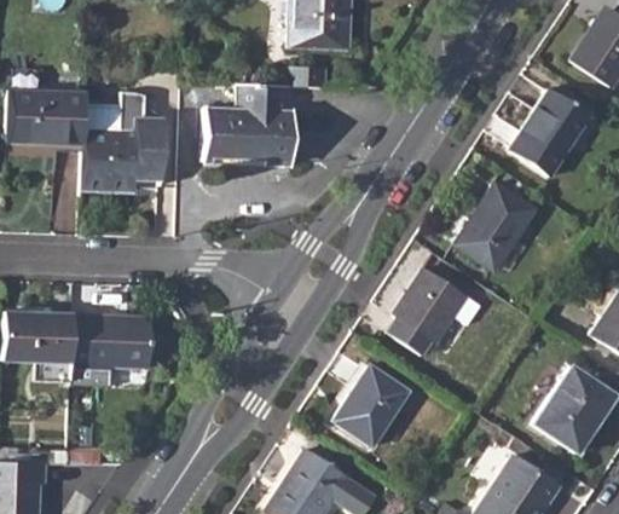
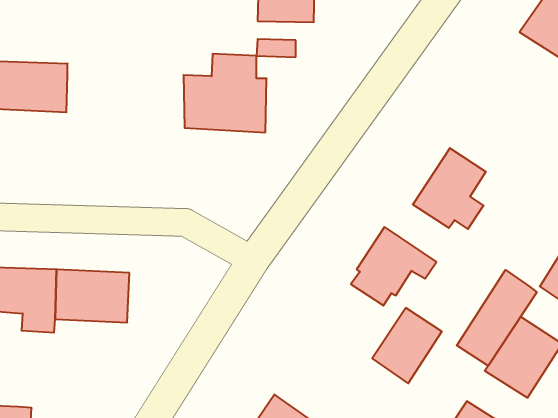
building: [509,88,590,177] -> none
building: [80,92,161,187] -> none
building: none -> [457,270,537,366]
building: [332,365,407,446] -> [372,308,442,383]

